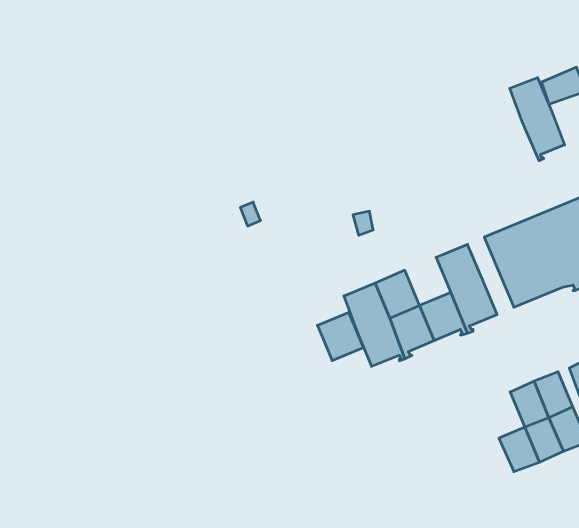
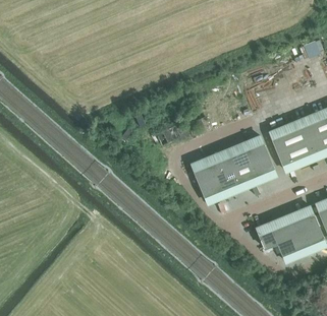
building: [510,78,565,161] -> none
building: [317,313,364,361] -> [225,142,251,169]
building: none -> [256,216,291,247]

